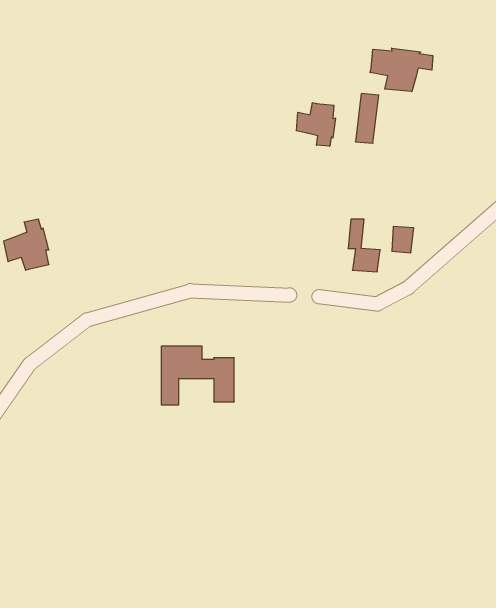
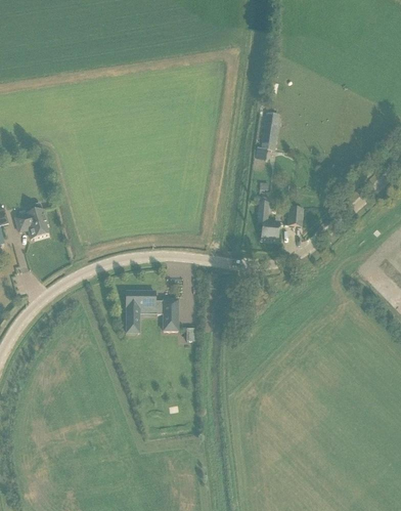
building: [370,48,433,92] -> none
building: [296,103,335,146] -> none

